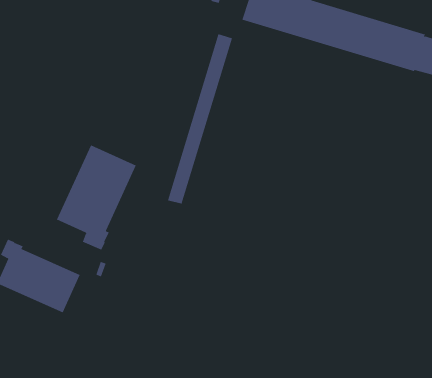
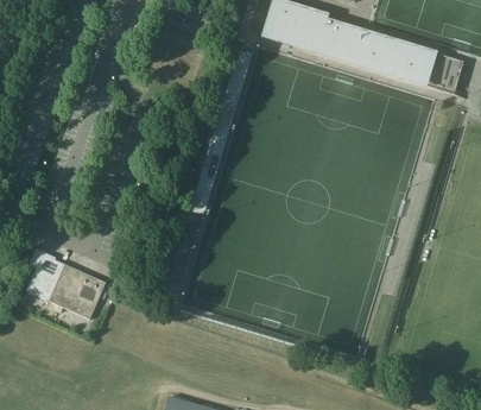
building: [56,144,137,251] -> none

